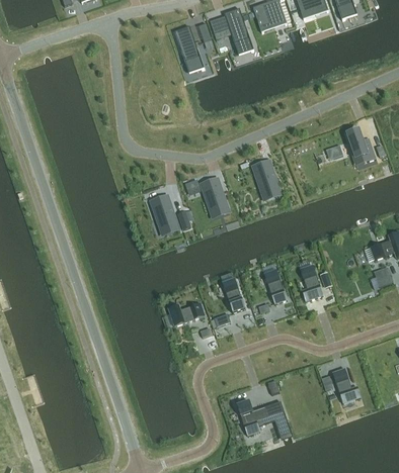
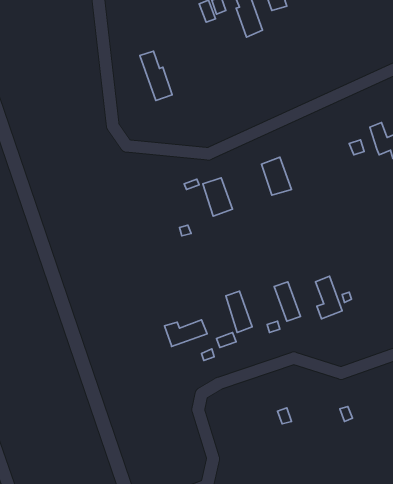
building: [174,27,203,71] -> [140,51,172,101]
building: [150,195,176,228] -> none
building: [331,368,361,402] -> none
building: [236,400,284,435] -> none

